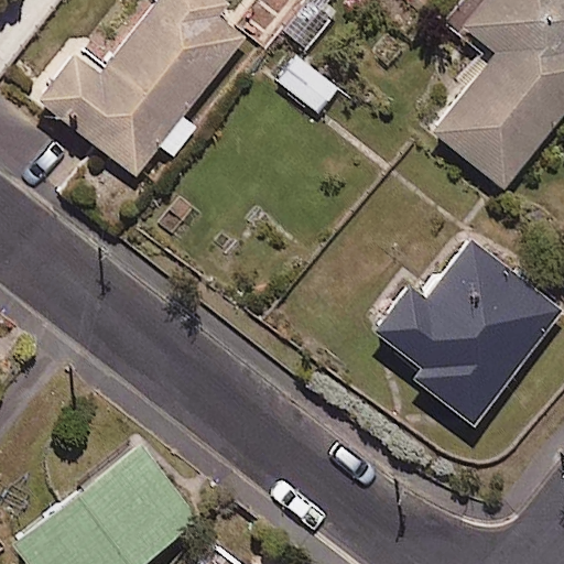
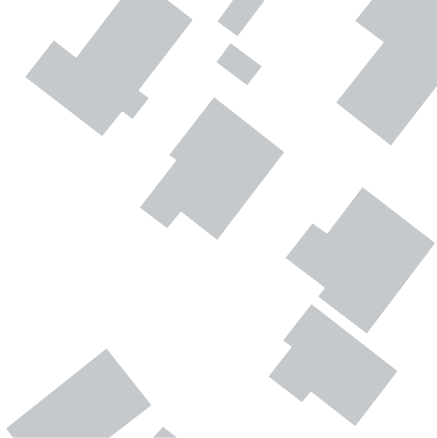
building: none -> [139,96,285,241]
building: none -> [268,303,398,427]

